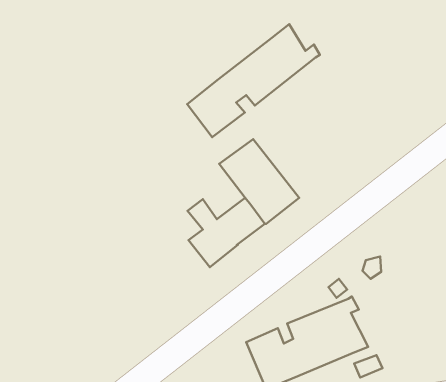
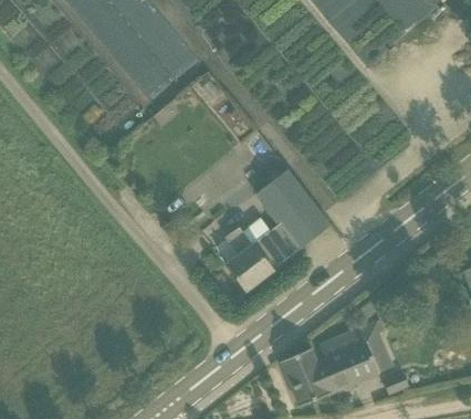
building: [187,24,320,137] -> none

